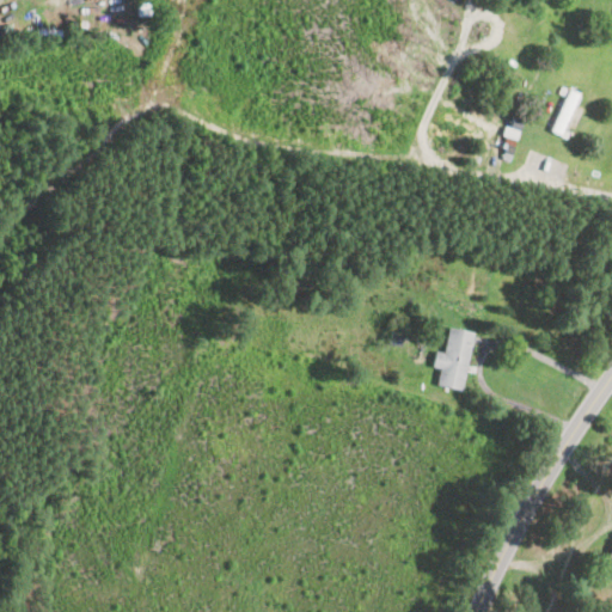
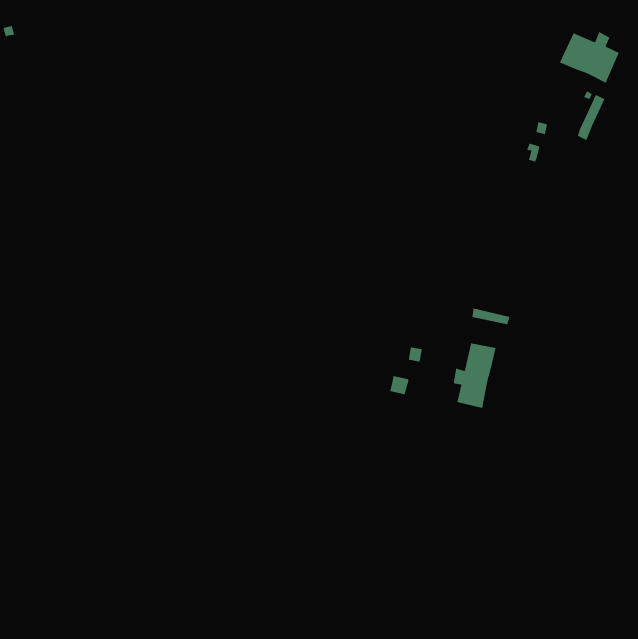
building: none -> [559,31,620,84]

